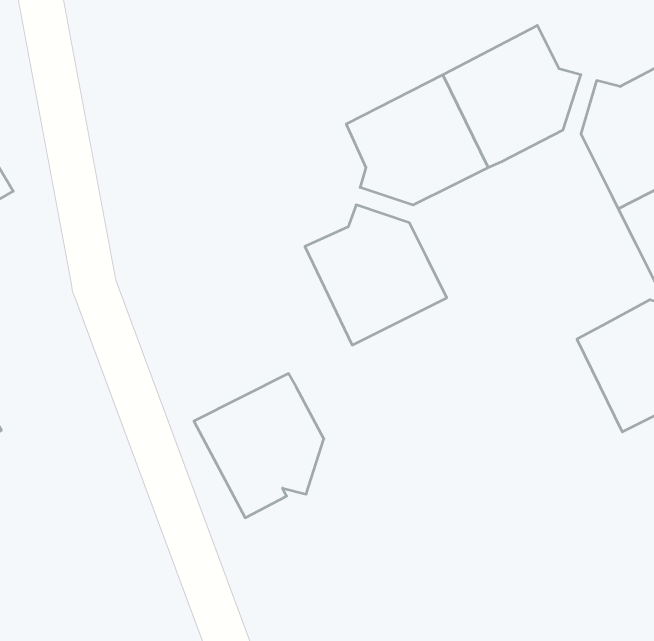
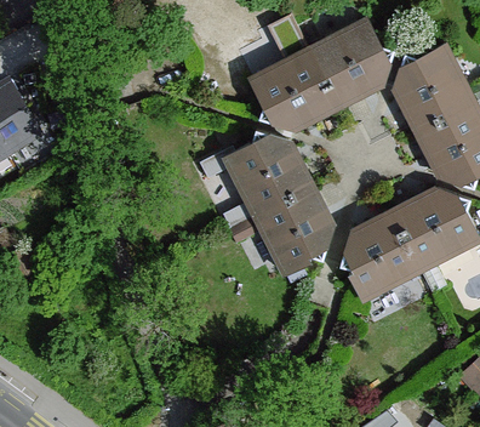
building: none -> [339,214,419,301]
building: [194,374,324,518] -> [253,188,333,277]

